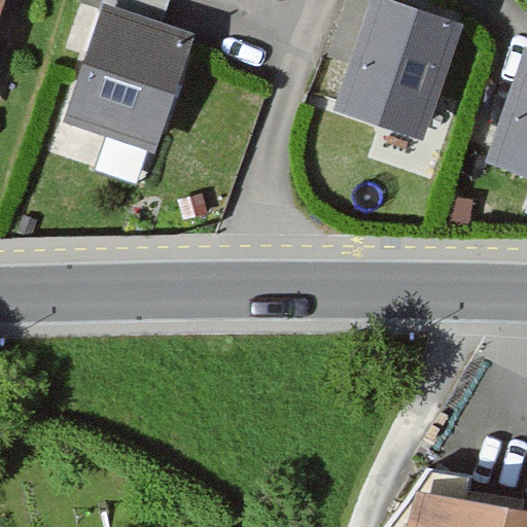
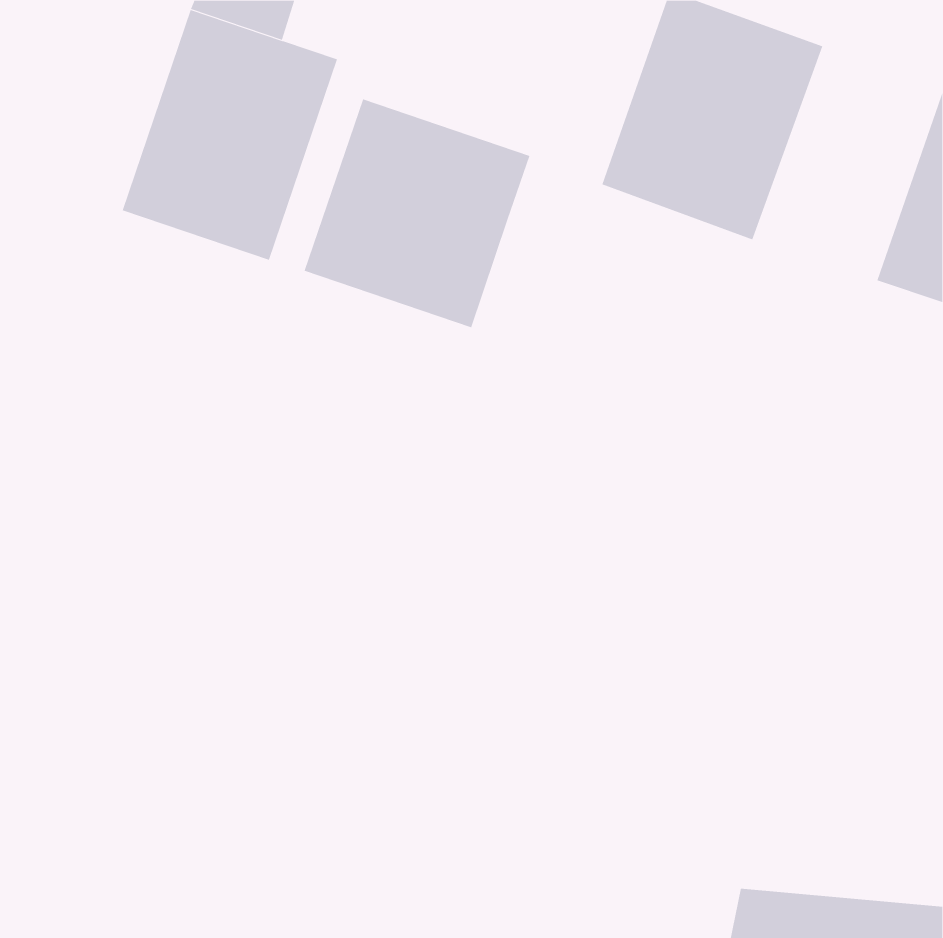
building: none -> [304,99,530,328]

